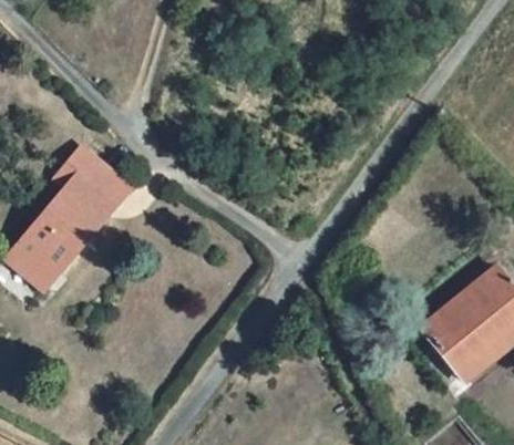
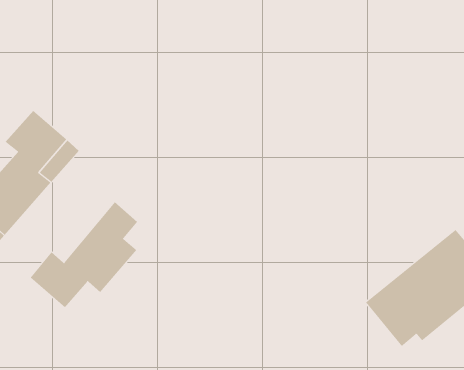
building: none -> [30,202,138,308]

